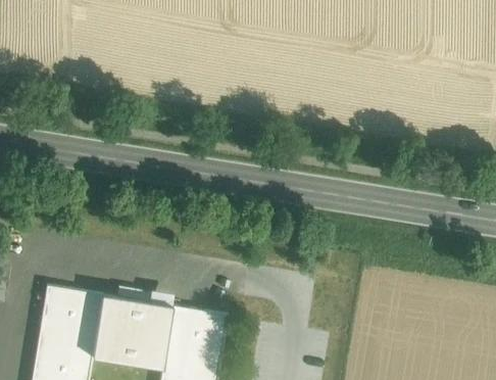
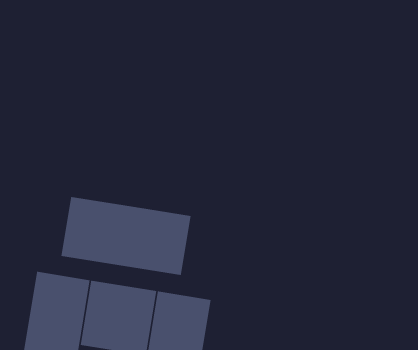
building: none -> [61,196,192,276]

